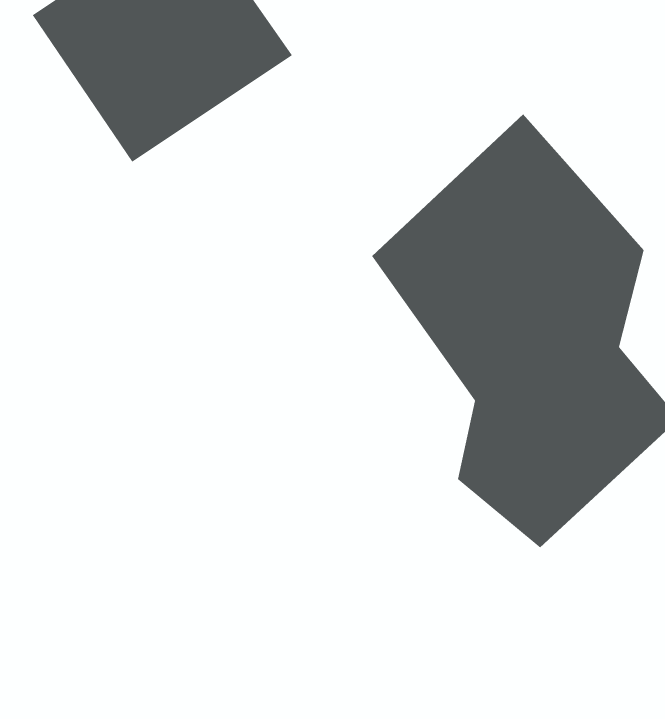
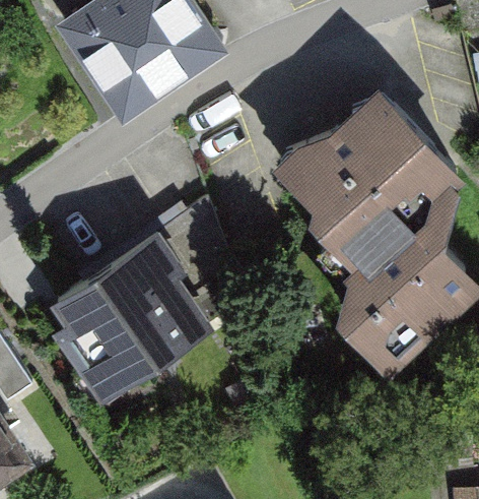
building: none -> [49,233,214,410]

